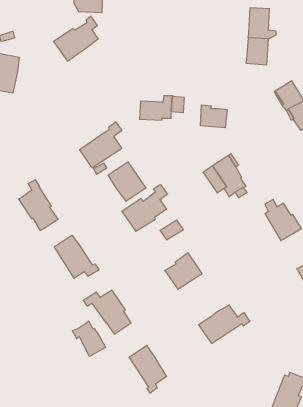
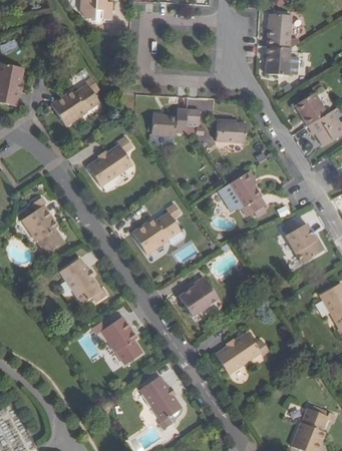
building: [53,16,98,61] -> [51,77,99,125]
building: [108,162,146,201] -> none
building: [72,321,105,356] -> none

